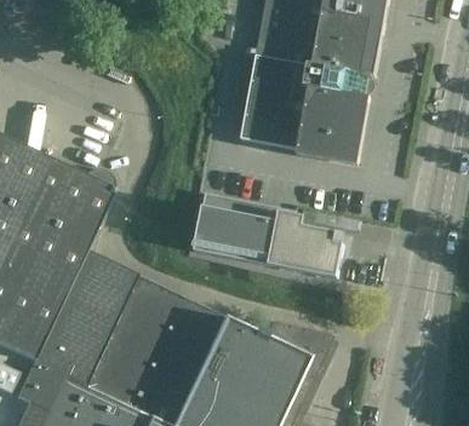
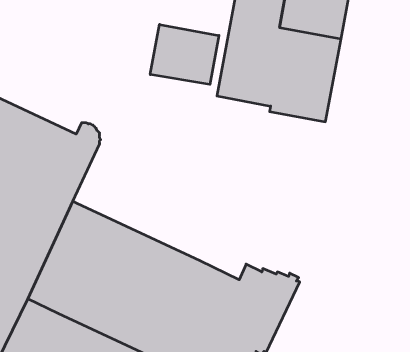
building: none -> [150,24,219,84]
building: [194,195,344,278] -> none

